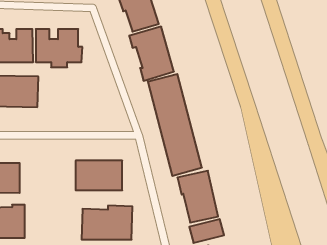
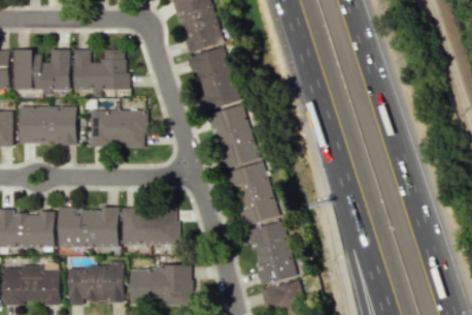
building: none -> [90,108,145,145]
building: none -> [58,207,119,246]
building: none -> [67,260,124,303]

